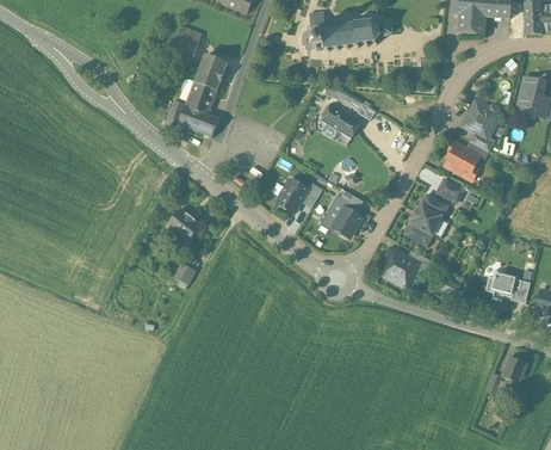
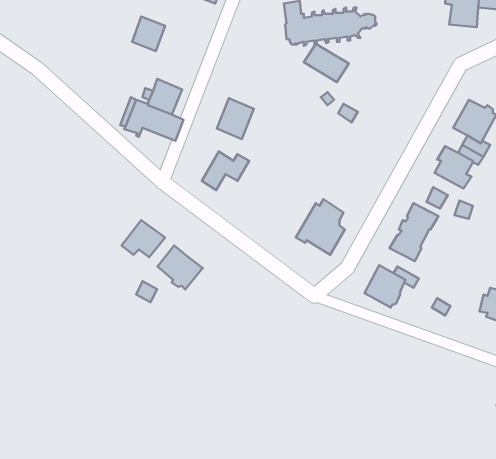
building: [194,53,228,90] -> [217,98,254,139]
building: [321,103,361,137] -> [304,44,349,82]
building: [279,180,322,215] -> [202,152,249,190]
building: none -> [158,245,203,289]

